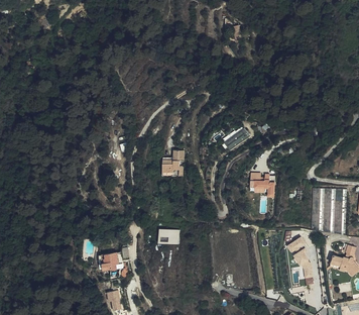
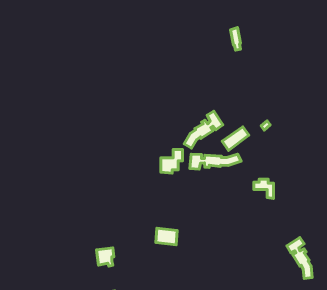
building: none -> [184,111,223,148]
building: none -> [190,154,241,169]

